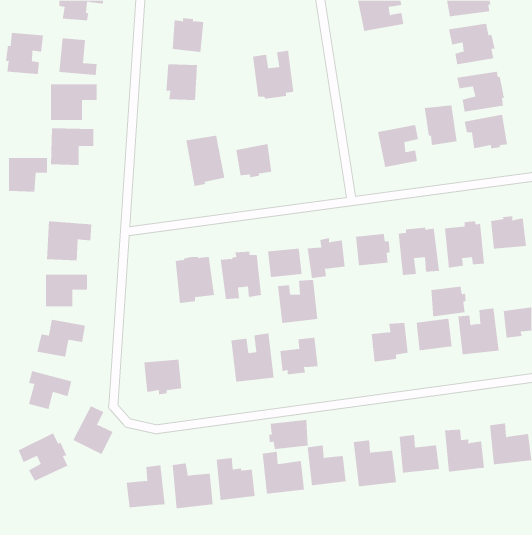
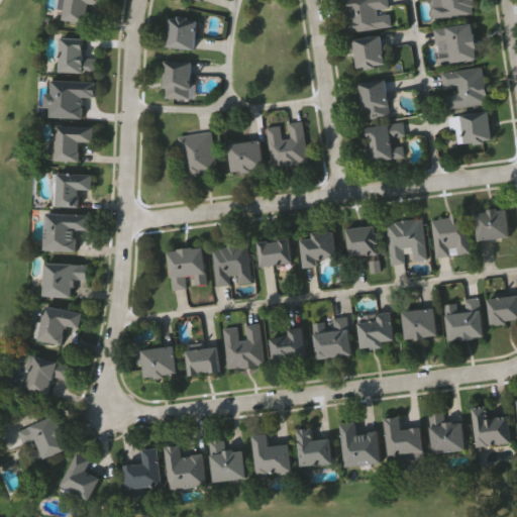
building: [6,32,44,75] -> none
building: none -> [352,34,385,66]
building: [252,50,294,99] -> [264,121,304,169]
building: [424,105,457,146] -> [357,81,390,120]
building: [8,158,48,192] -> [54,175,92,208]
building: [277,279,318,323] -> [312,316,351,358]
building: [431,286,466,317] -> none
building: none -> [185,343,221,378]
building: [73,406,113,455] -> [59,450,98,498]
building: [269,419,308,450] -> none

